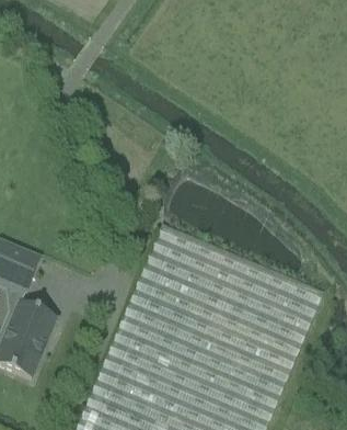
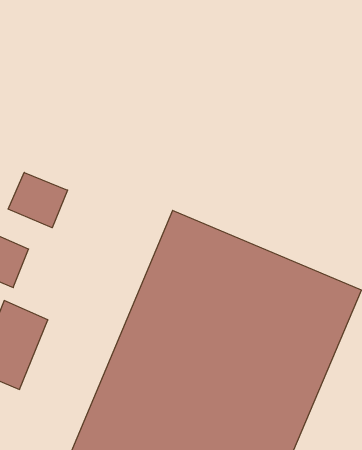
building: none -> [8,172,68,228]

